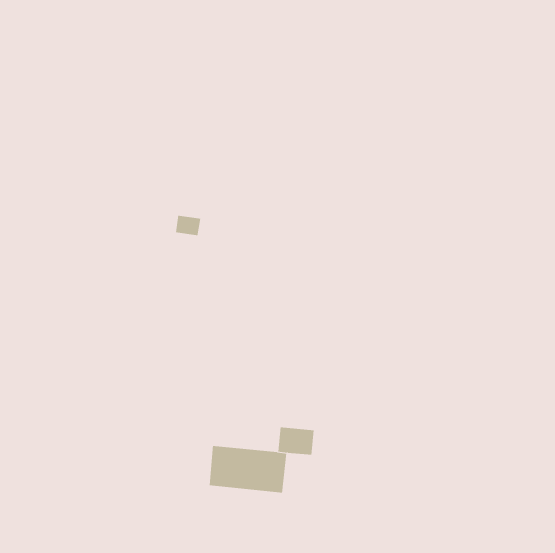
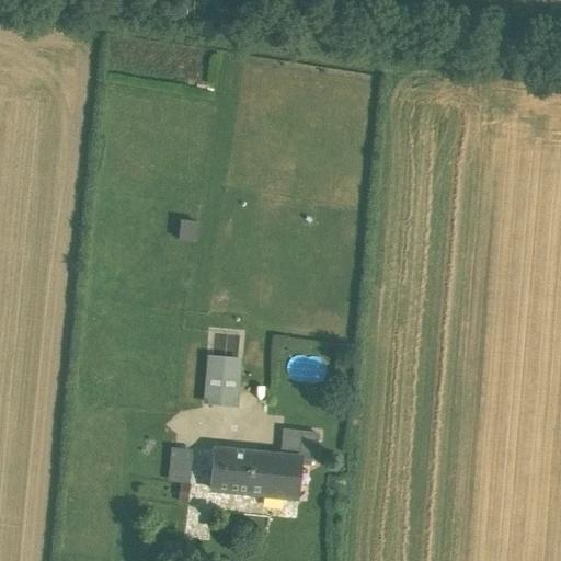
building: none -> [207,359,236,403]
building: none -> [168,445,196,482]

